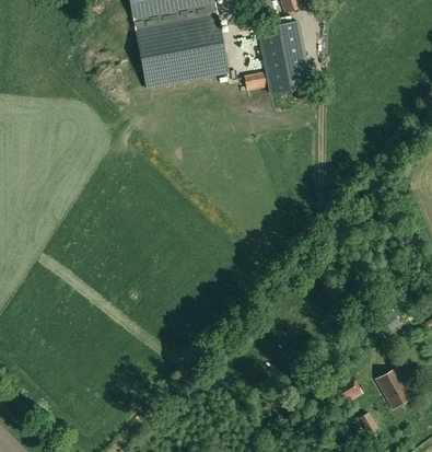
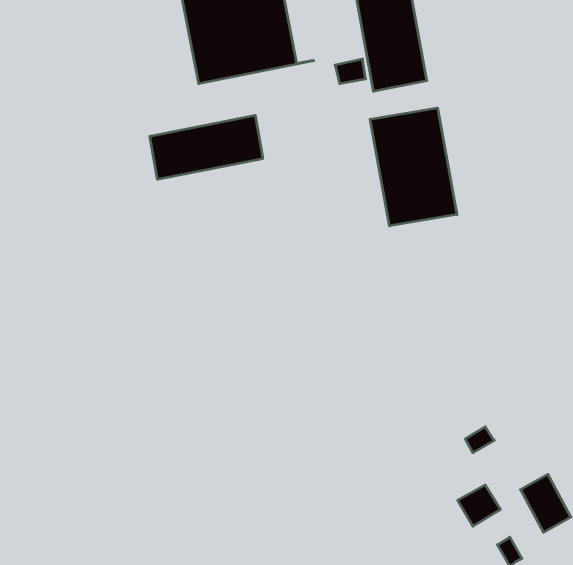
building: none -> [370,108,457,226]
building: none -> [150,115,263,179]

